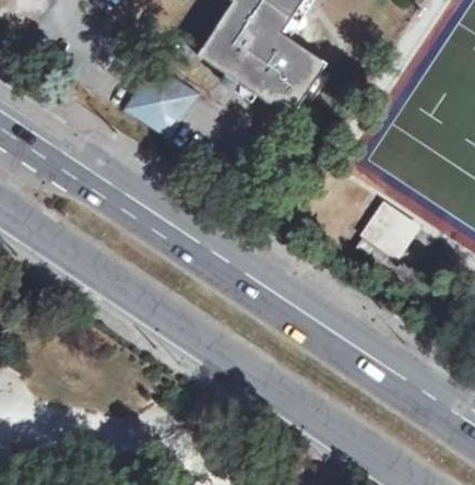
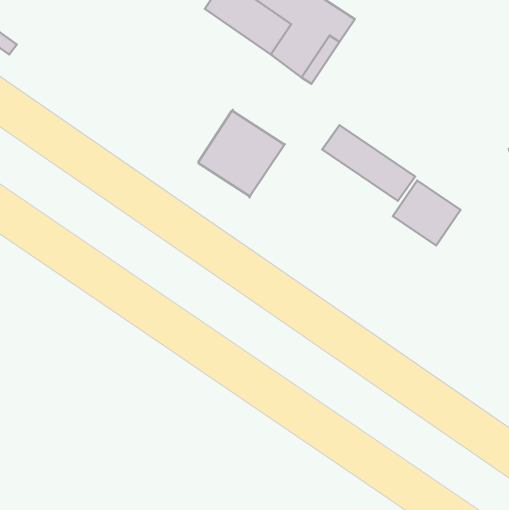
building: [123,62,198,138] -> [199,110,285,198]
building: none -> [322,125,415,201]

